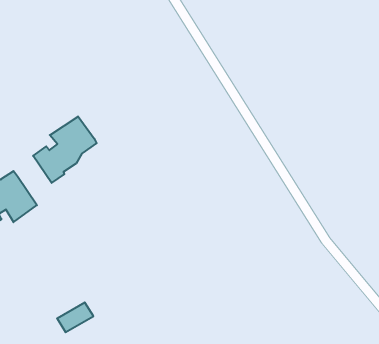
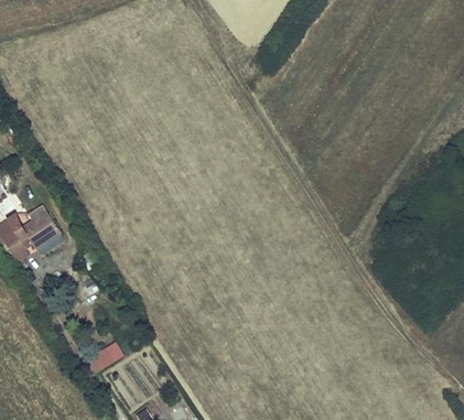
building: [33,116,97,183] -> none

